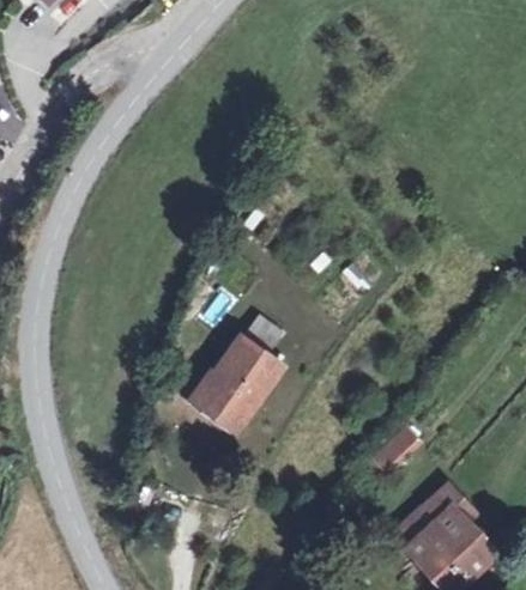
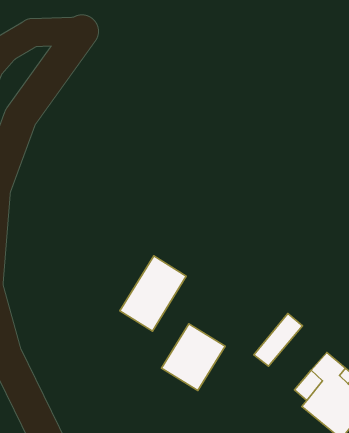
building: none -> [161,324,225,391]

